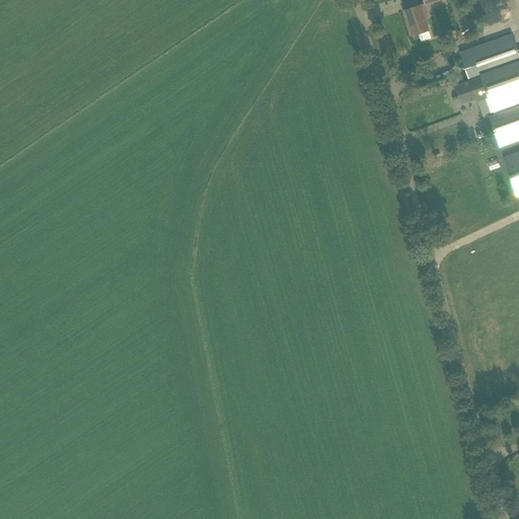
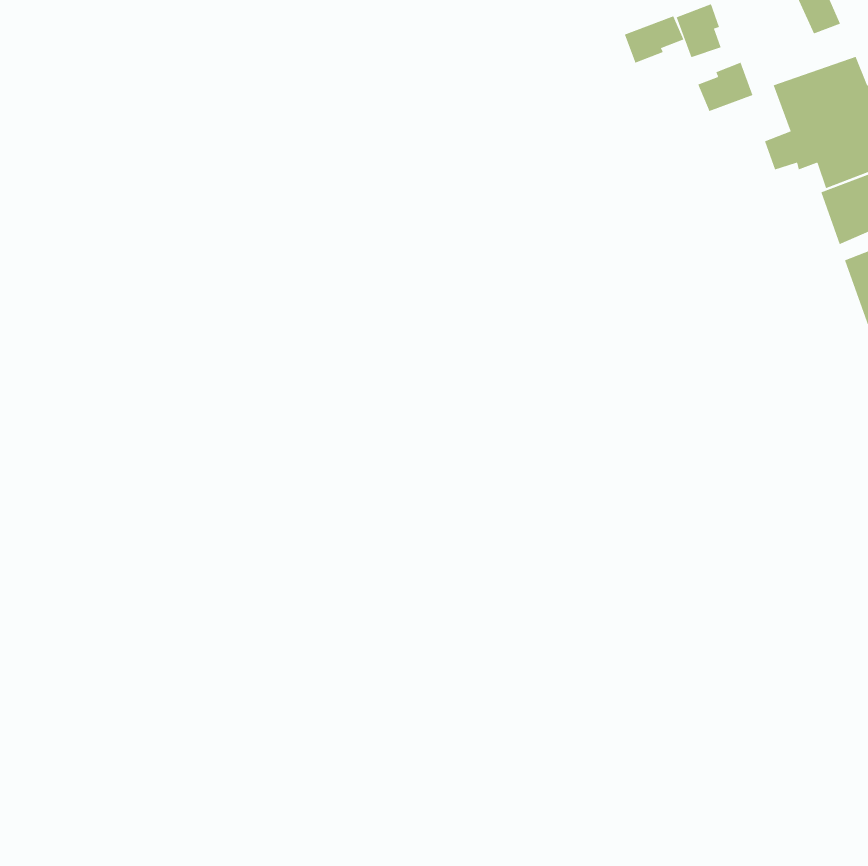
building: none -> [624,16,684,64]
building: none -> [697,62,753,112]

